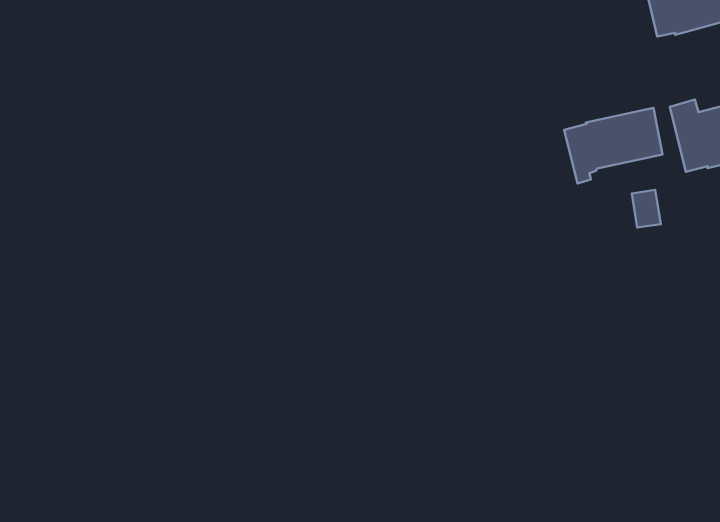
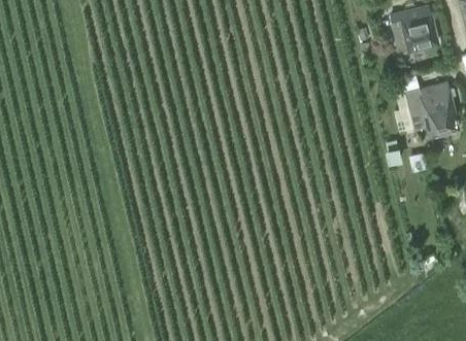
building: [564,108,662,183] -> none

